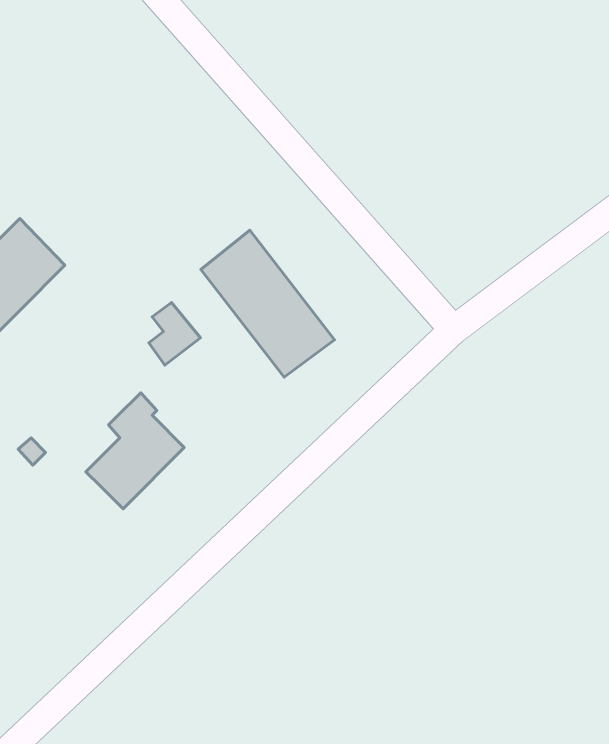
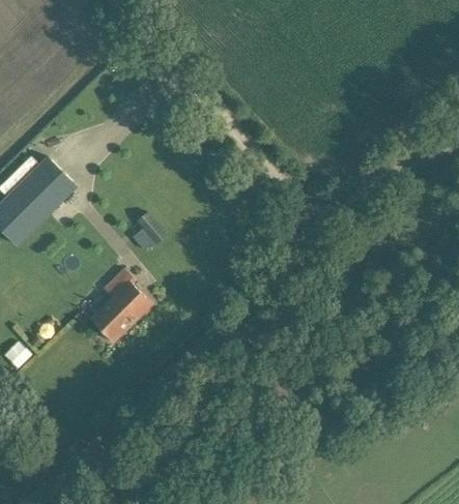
building: [201,230,335,377] -> none

